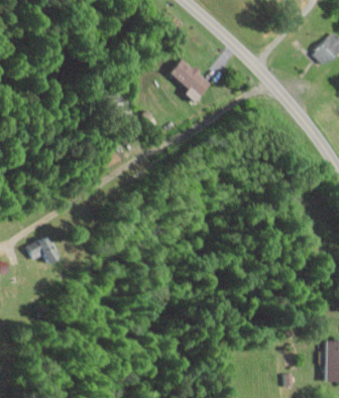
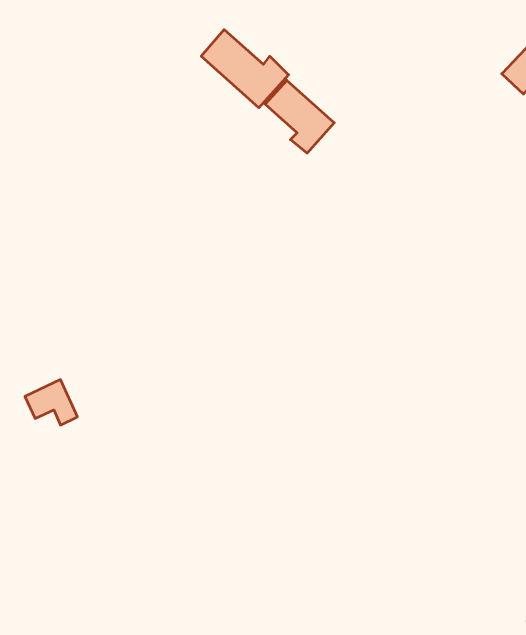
building: none -> [201,30,289,108]

